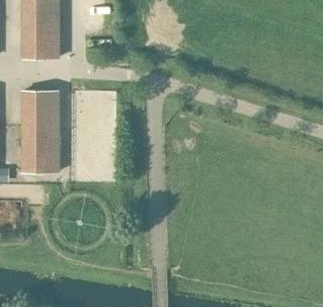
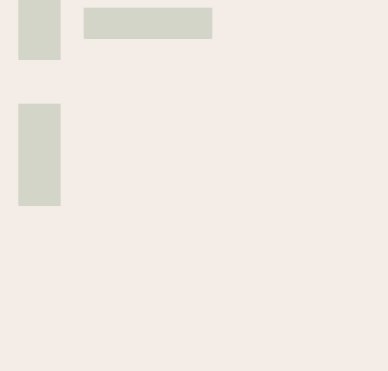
building: none -> [83,7,213,40]

